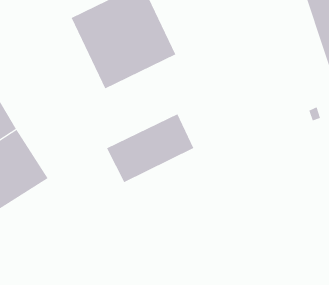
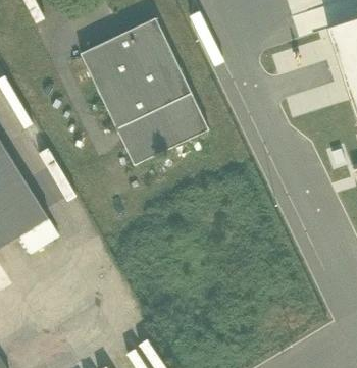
building: [106,113,194,183] -> [116,93,209,166]

